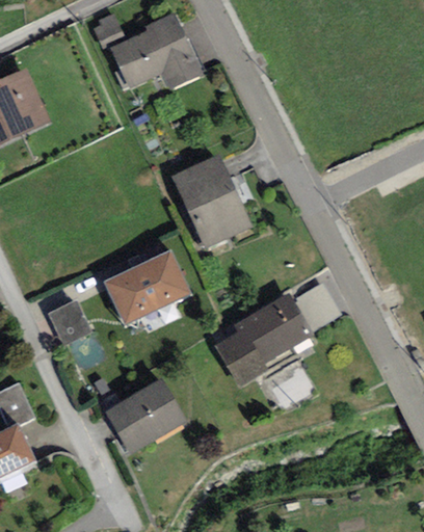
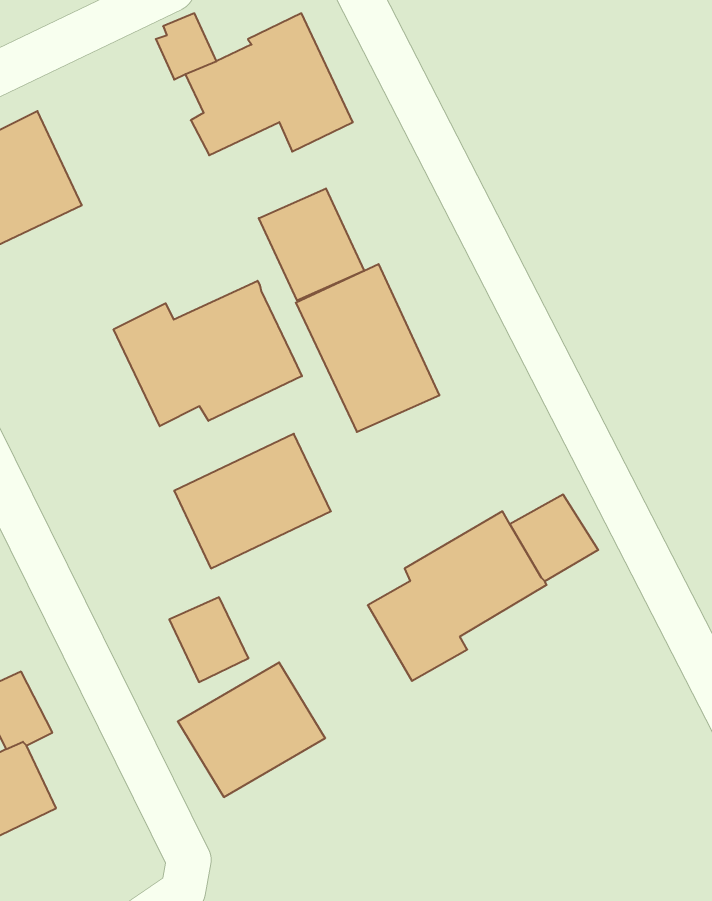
building: none -> [259,188,364,300]
building: none -> [114,281,302,426]
building: [46,299,90,347] -> [169,597,249,682]

